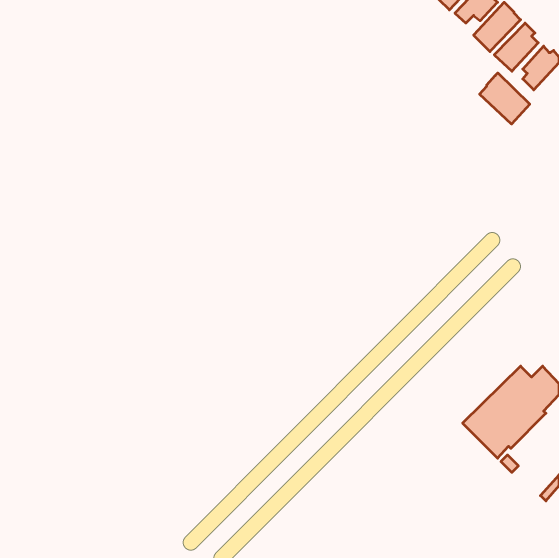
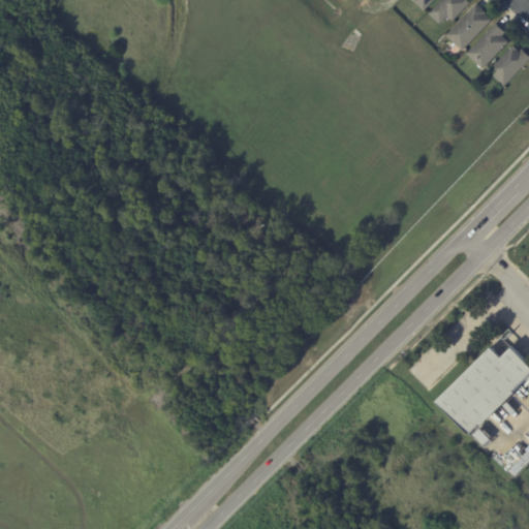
building: [480,73,530,124] -> none

